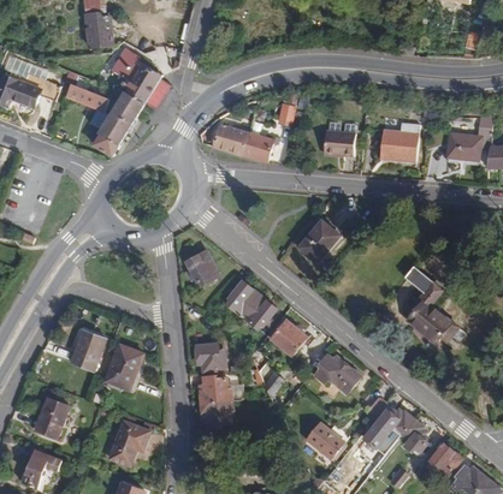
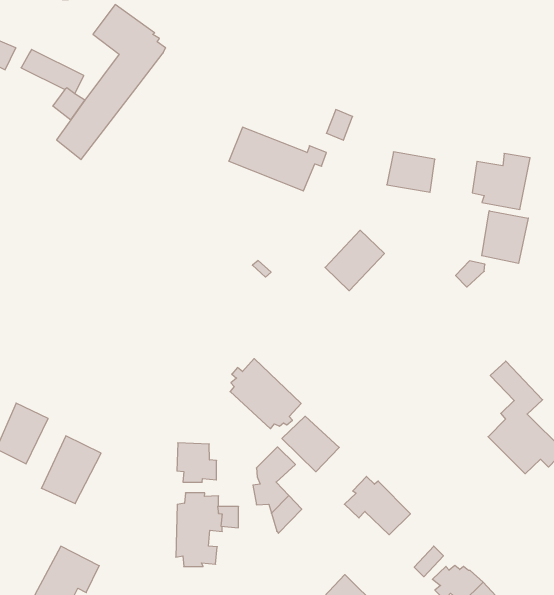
building: none -> [482,211,528,263]
building: [298,221,338,263] -> [325,230,384,291]
building: [187,251,220,285] -> none

